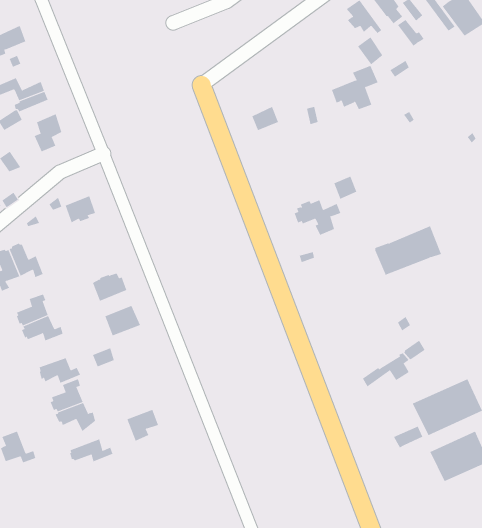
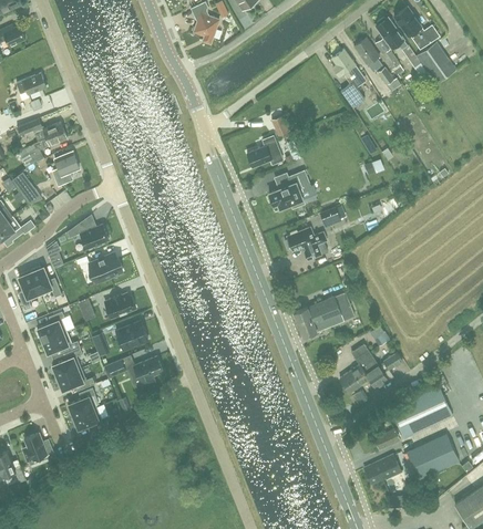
building: [331,65,378,110] -> [268,170,310,210]
building: [374,225,442,276] -> [294,291,353,336]
building: none -> [89,252,121,281]
building: none -> [339,344,378,386]
building: none -> [51,346,82,376]
building: [127,409,159,441] -> [133,356,162,385]
building: [70,439,113,462] -> none
building: none -> [363,454,400,484]

